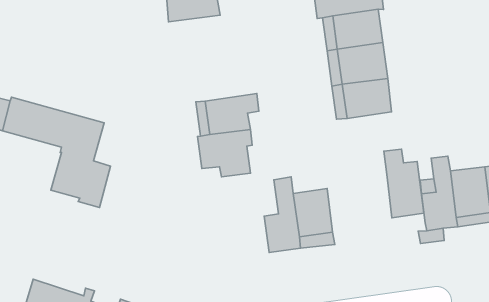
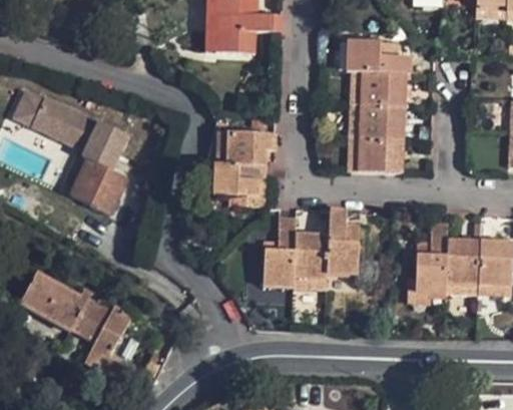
building: [384,149,424,218] -> [327,210,360,275]

